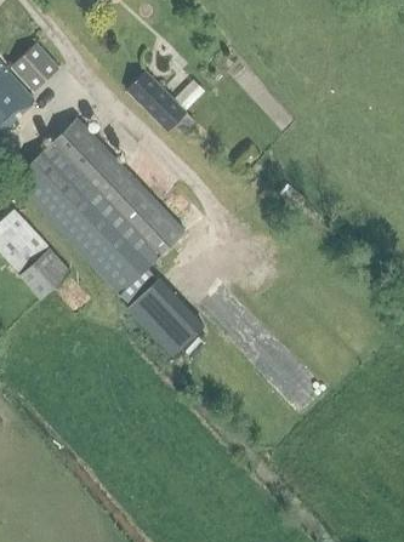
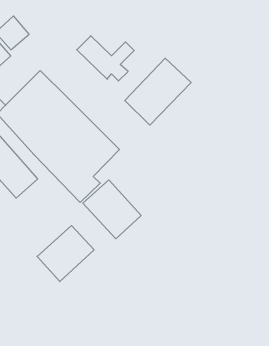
building: none -> [125,58,191,125]
building: none -> [37,226,94,282]

